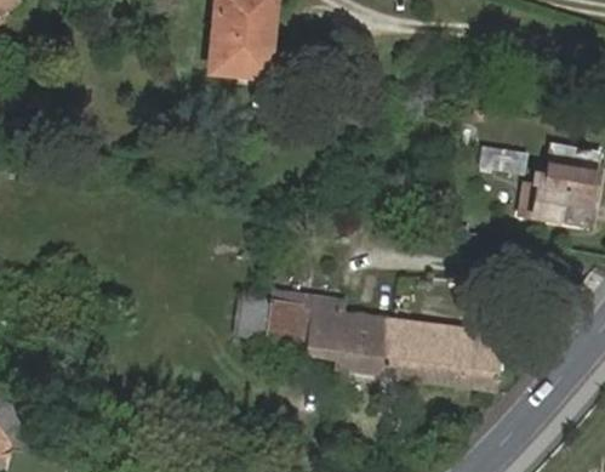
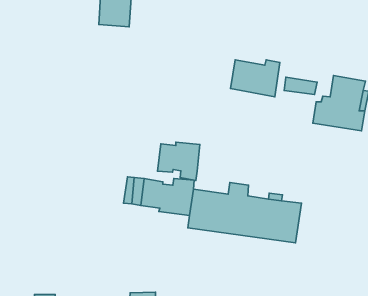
building: none -> [231,60,280,97]
building: none -> [158,142,200,180]

